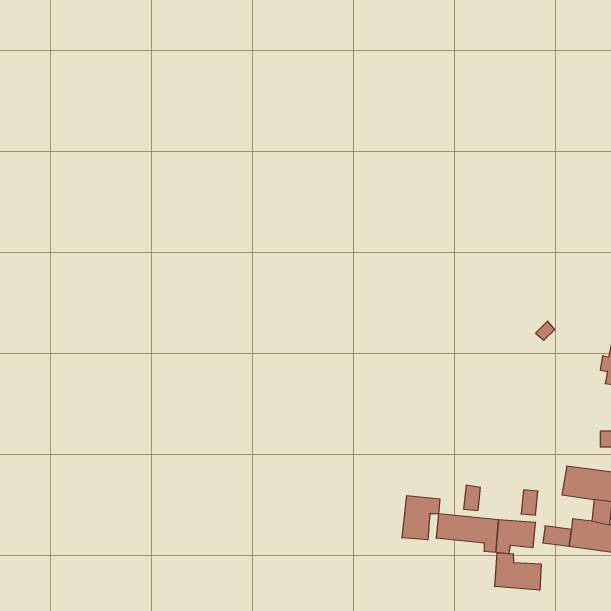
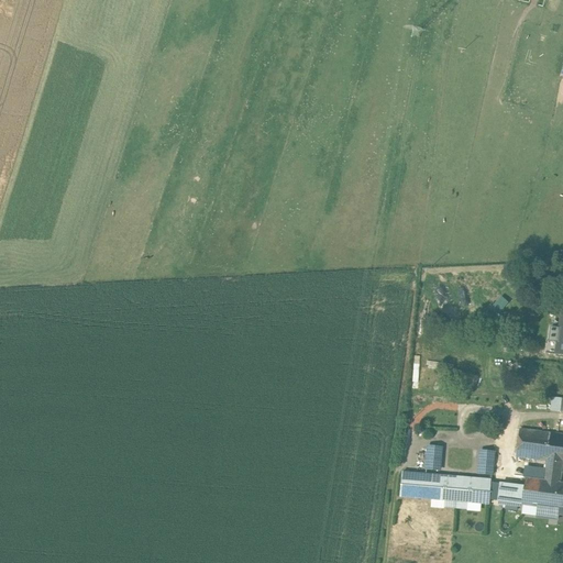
building: [402,496,440,540] -> none
building: [495,553,541,590] -> none

